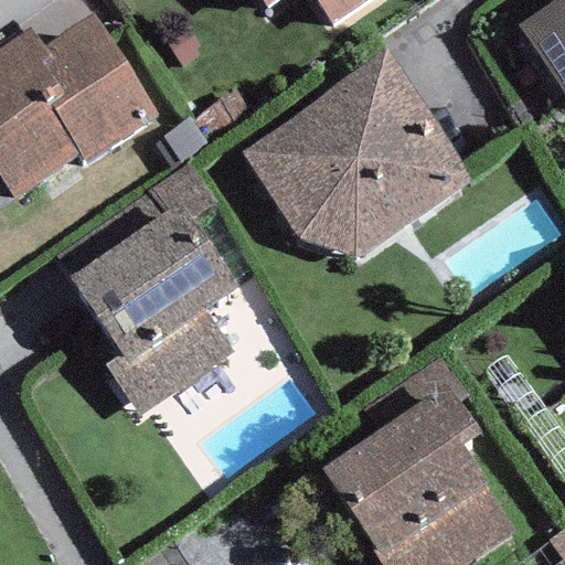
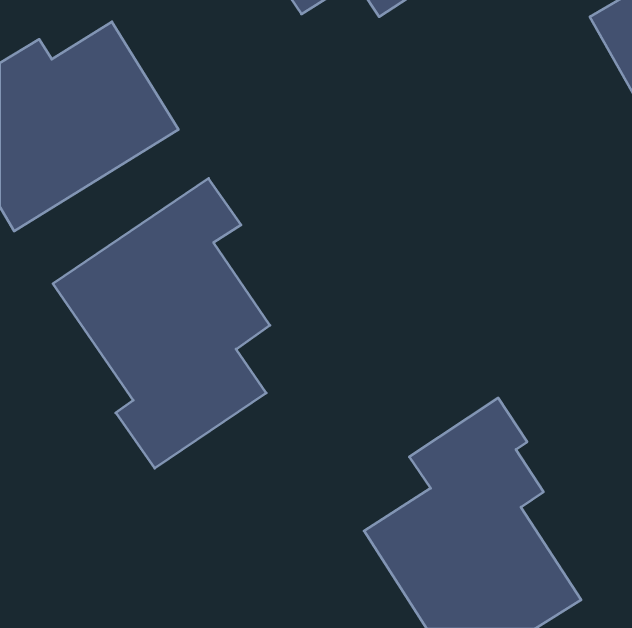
building: [250,64,460,267] -> none

